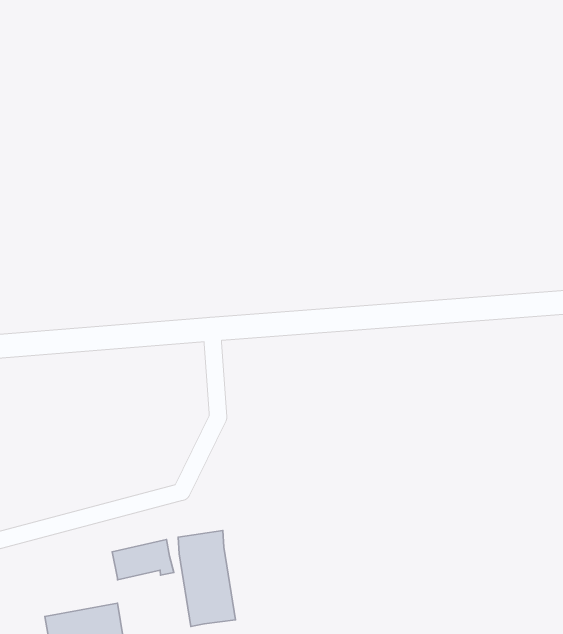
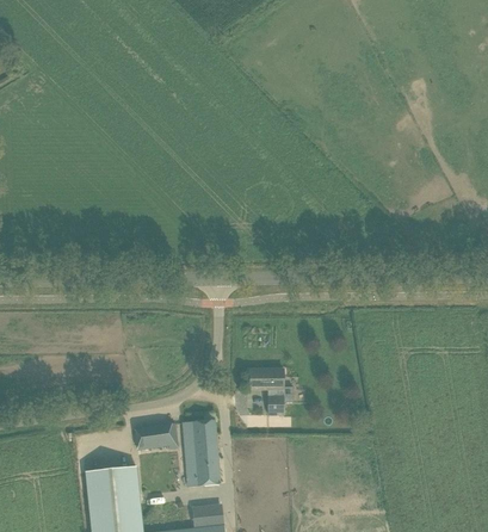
building: none -> [249,370,283,415]

